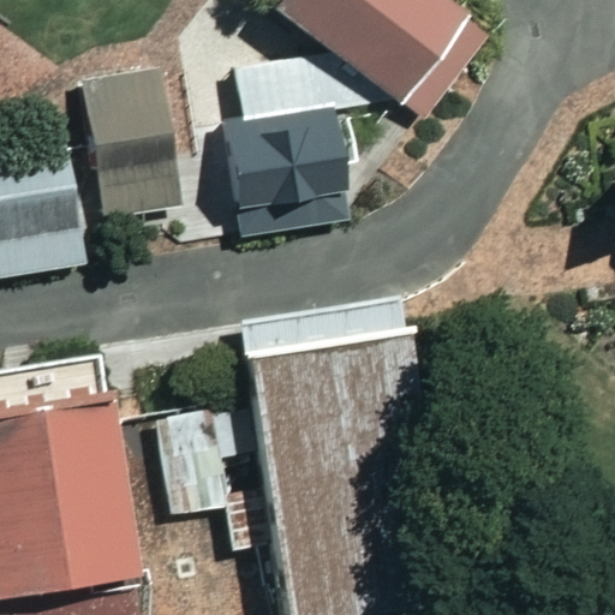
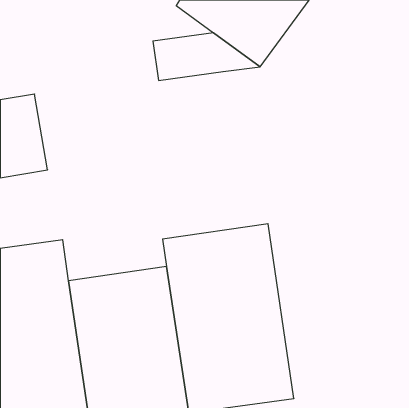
building: [80,74,172,220] -> none
building: [226,112,351,233] -> none

